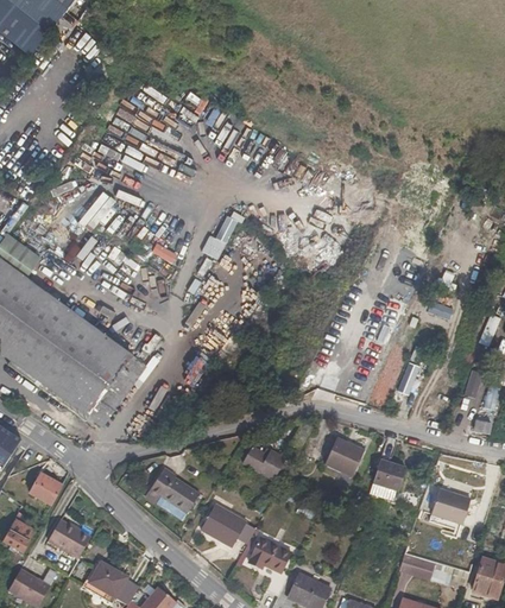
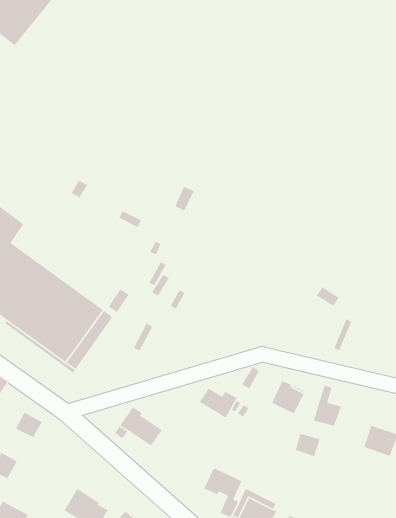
building: none -> [295,433,320,457]
building: [200,504,246,547] -> none
building: [48,521,89,560] -> none
building: [397,552,435,581] -> none

